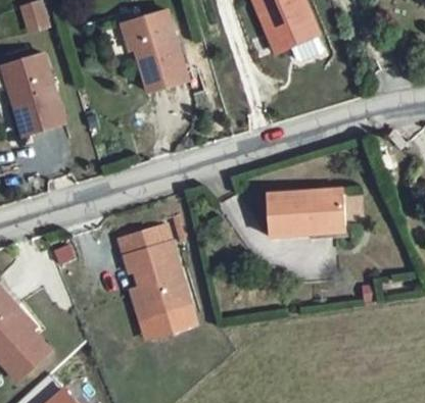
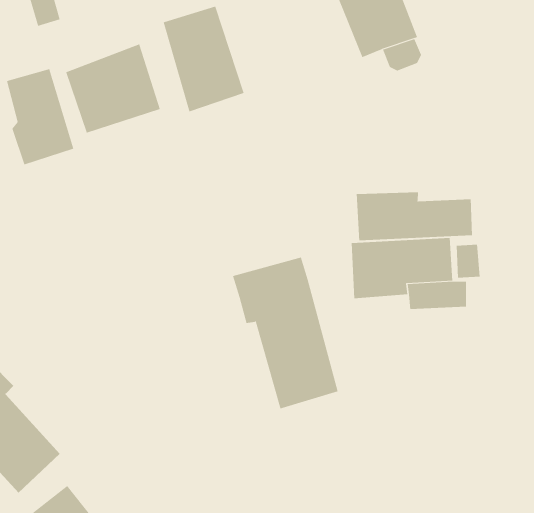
building: none -> [65,43,160,134]
building: none -> [356,192,472,241]
building: [116,222,196,337] -> [232,257,338,409]

